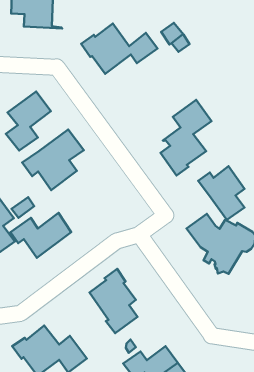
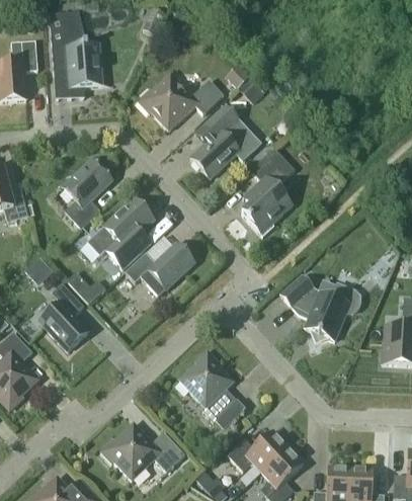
building: none -> [190,104,259,178]
building: [198,166,245,220] -> none
building: [10,213,71,258] -> [125,242,193,296]

